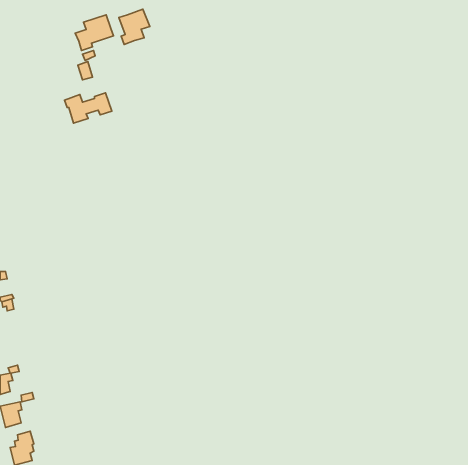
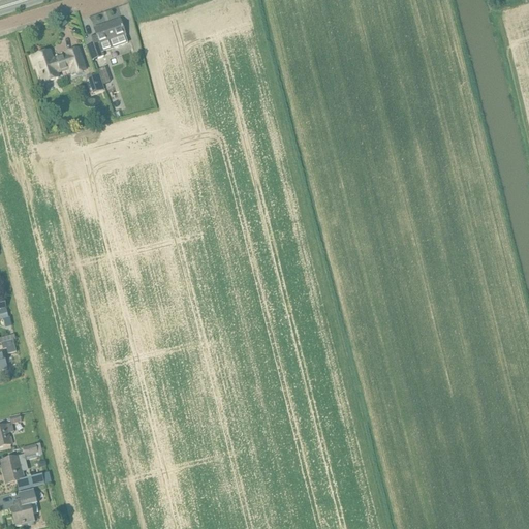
building: [119,9,150,44] -> none
building: [64,93,112,123] -> [32,45,86,80]

